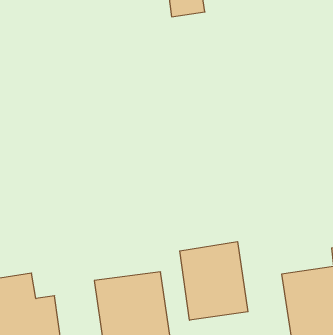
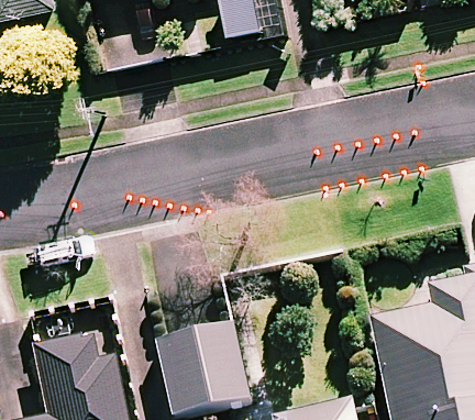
building: [180,242,248,320] -> none

